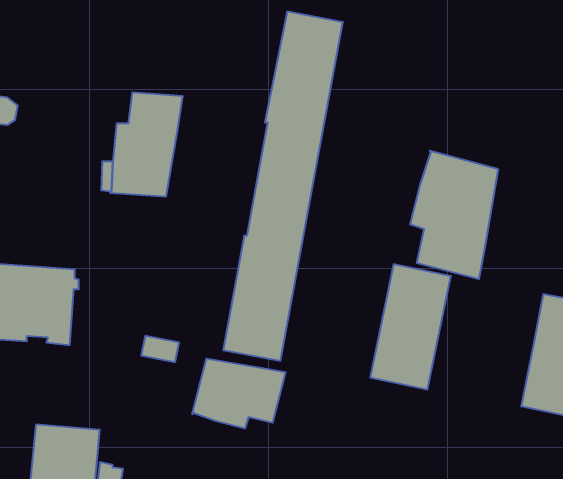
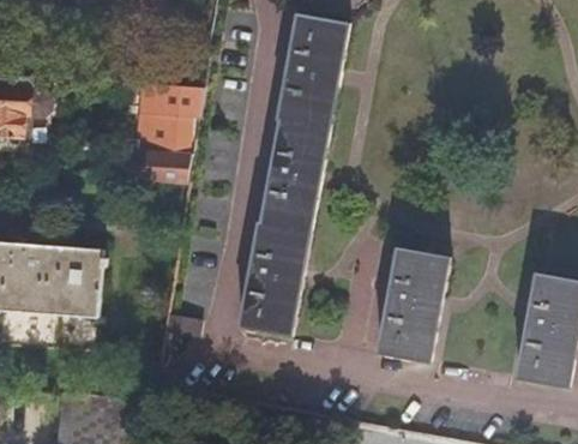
building: [410,151,498,279] -> none
building: [192,358,285,429] -> none

